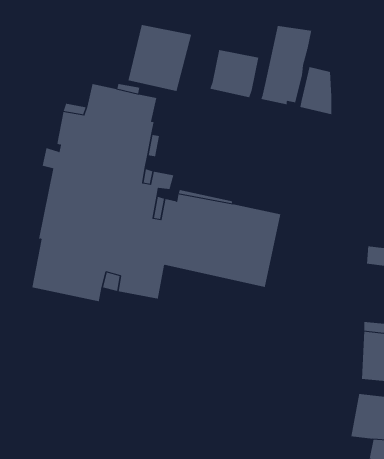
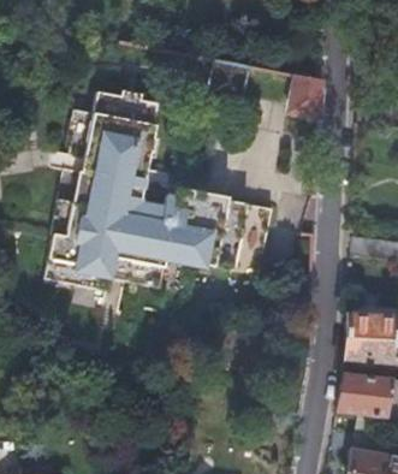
building: [128,24,192,92] -> none
building: [261,25,312,105] -> none

